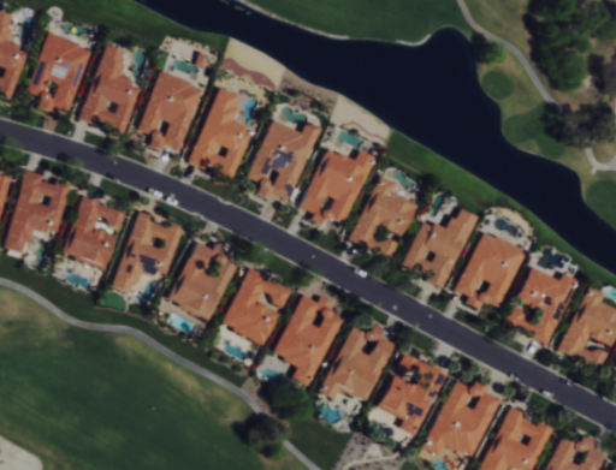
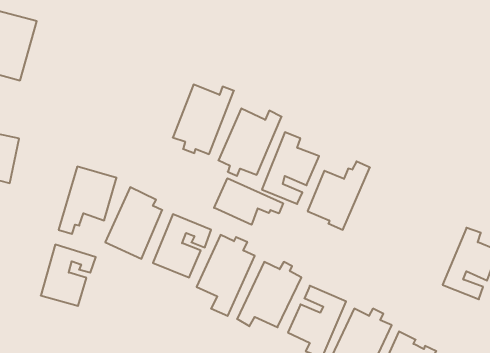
building: [81,43,138,131] -> none
building: [138,71,202,149] -> none
building: [190,87,250,178] -> none
building: [63,196,126,267] -> [41,245,96,306]
building: none -> [214,178,283,225]
building: [456,231,526,308] -> none
building: [505,266,578,341] -> none

